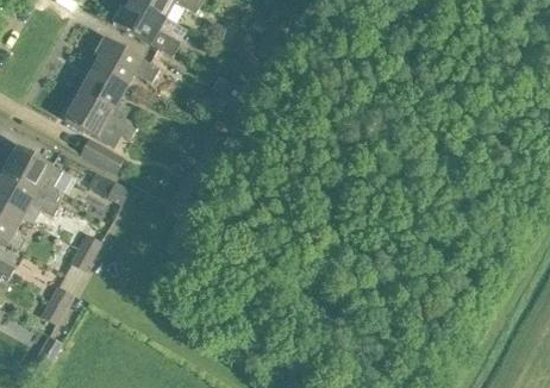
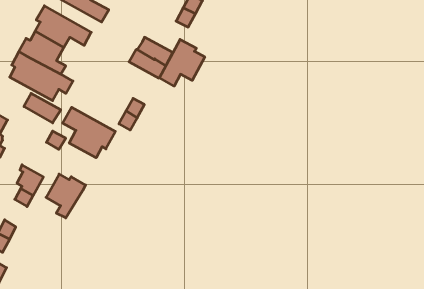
building: none -> [159,39,205,86]
building: none -> [63,107,115,158]
building: none -> [46,174,86,218]

